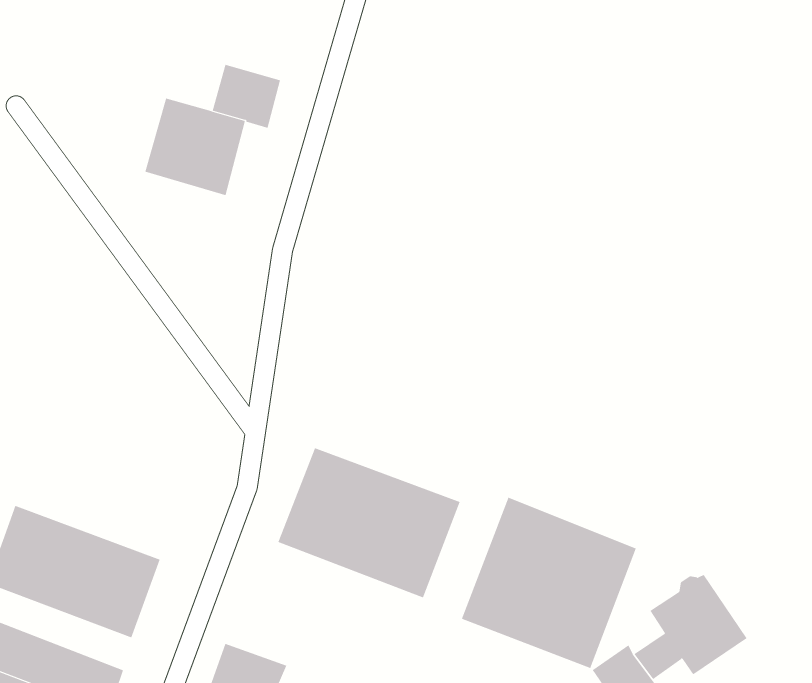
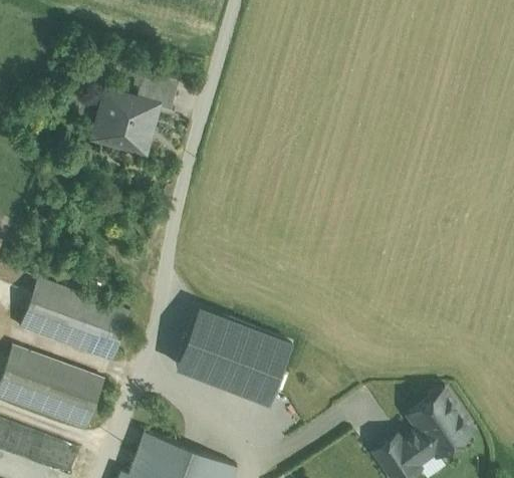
building: none -> [19,279,128,363]
building: [461,497,637,669] -> none

